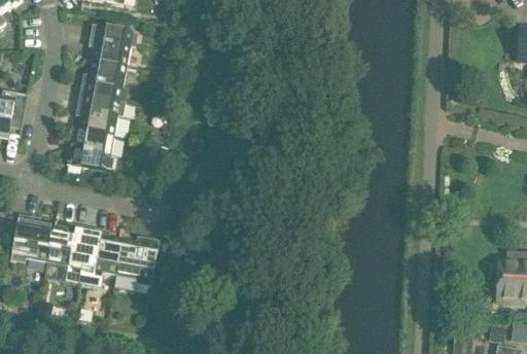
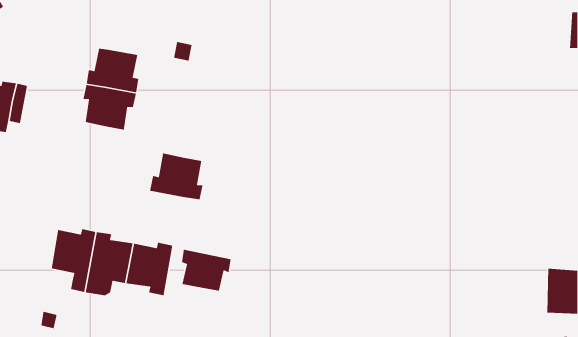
building: [90,23,138,66] -> none
building: [66,128,115,171] -> [149,153,203,200]
building: [10,213,54,261] -> none
building: none -> [181,249,232,291]

